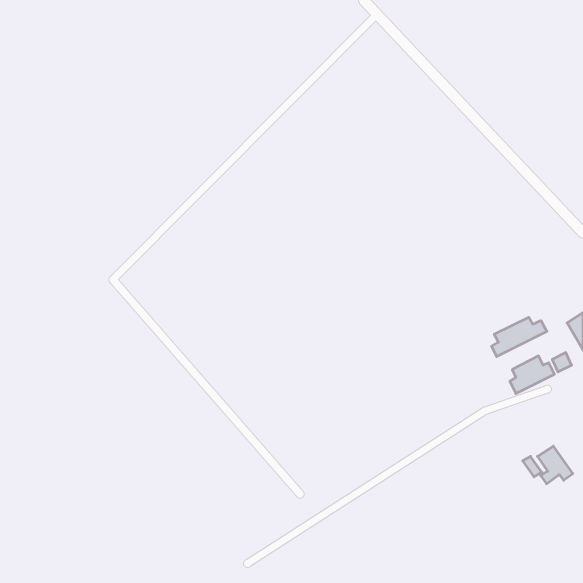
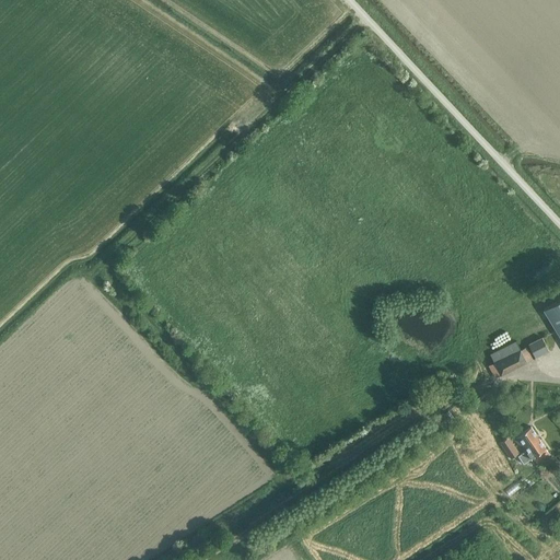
building: [492,317,547,357] -> none

